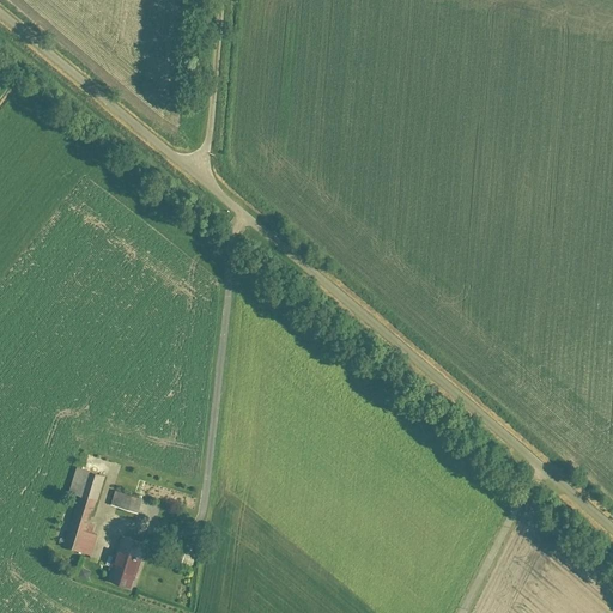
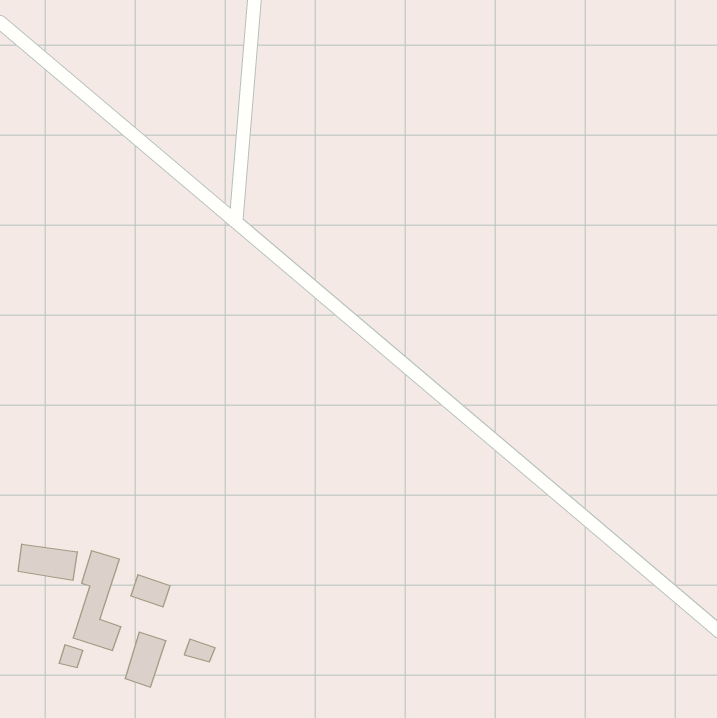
building: none -> [18,544,77,580]

